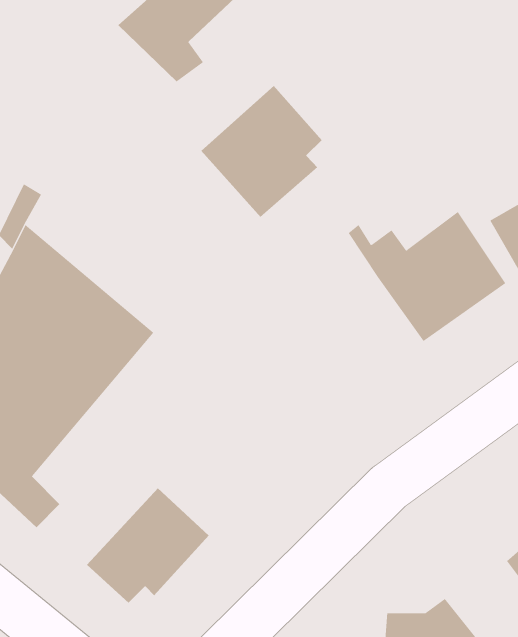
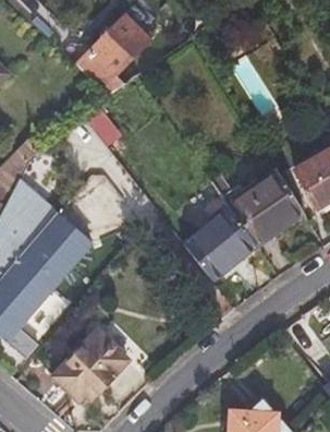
building: [200,85,322,218] -> none
building: none -> [180,209,254,280]

